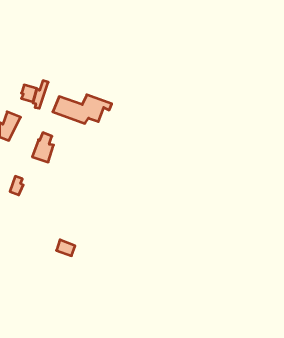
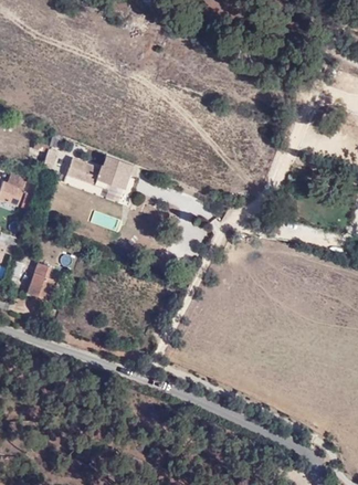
building: [32,133,54,162] -> [28,265,54,302]

